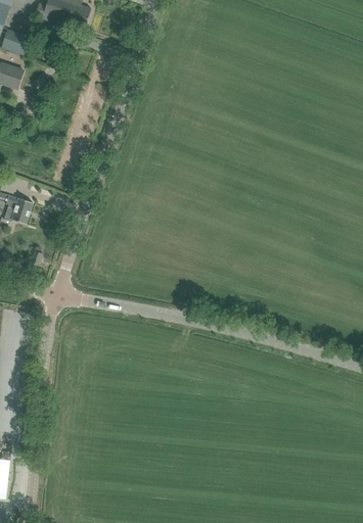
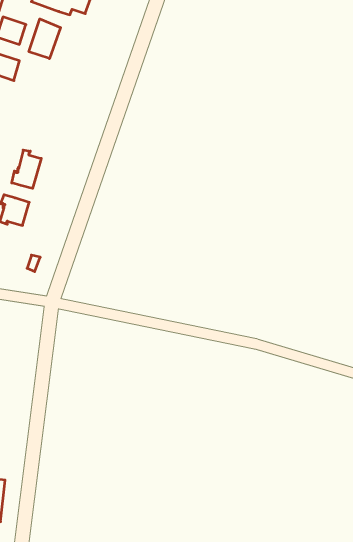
building: none -> [29,19,61,59]
building: none -> [12,150,41,188]

